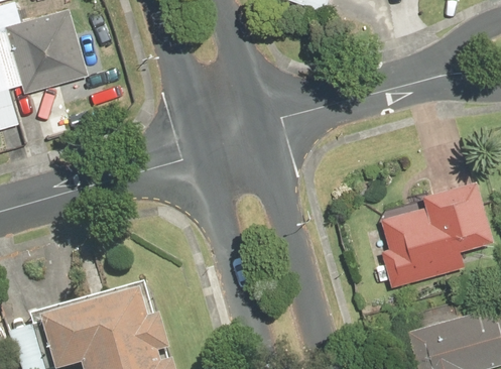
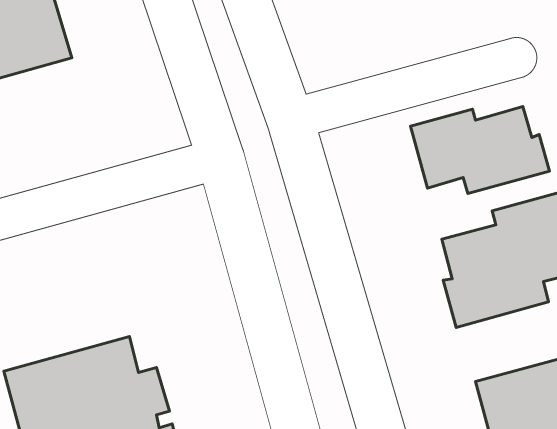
building: none -> [410,107,550,193]

